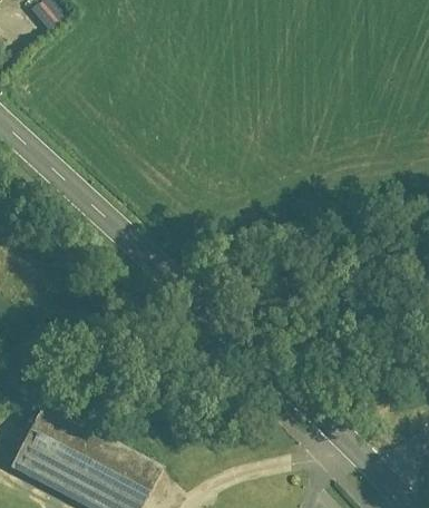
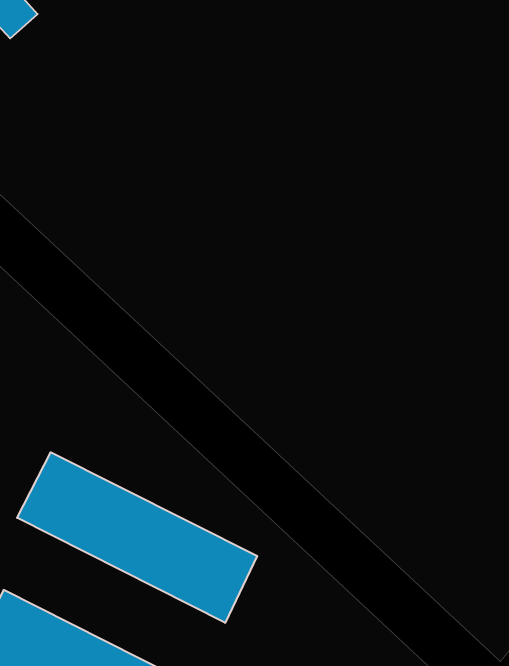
building: none -> [17,452,257,623]

